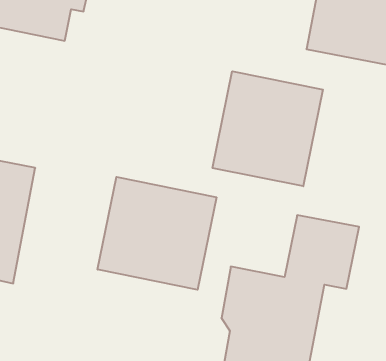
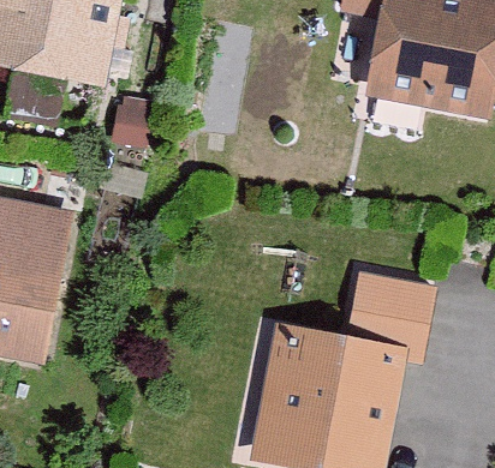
building: [213,71,323,186] -> none
building: [98,177,216,290] -> none

